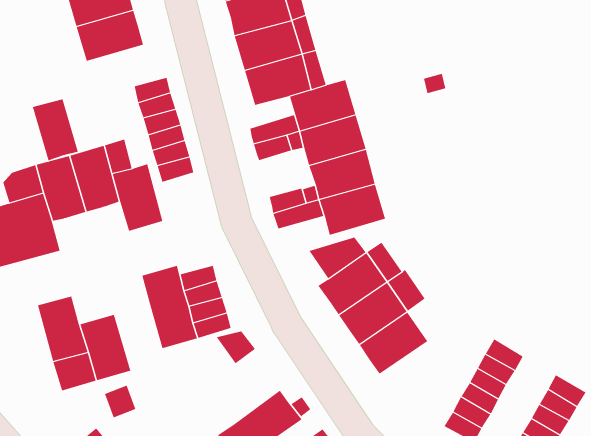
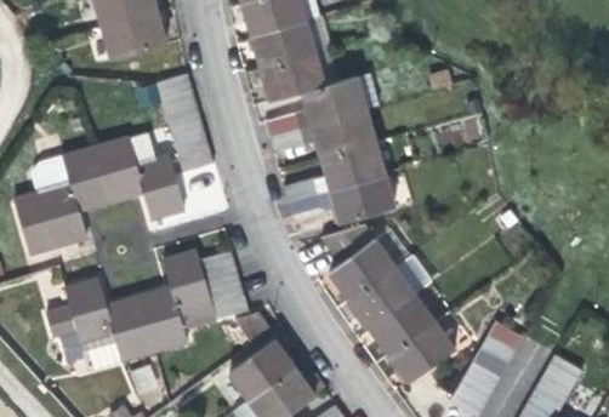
building: [32,98,78,161] -> none
building: none -> [137,287,186,350]
building: none -> [387,322,453,383]
building: none -> [228,341,294,401]

